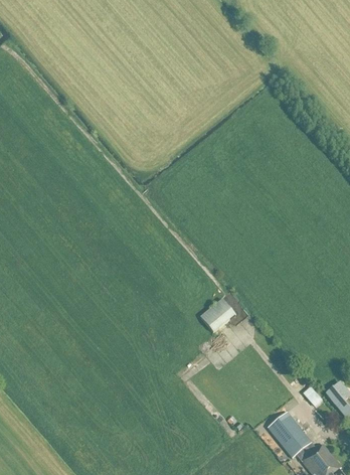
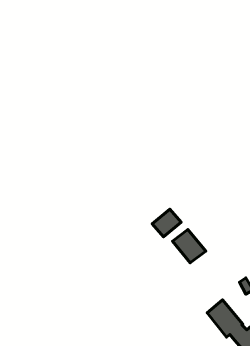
building: none -> [172,229,206,263]

